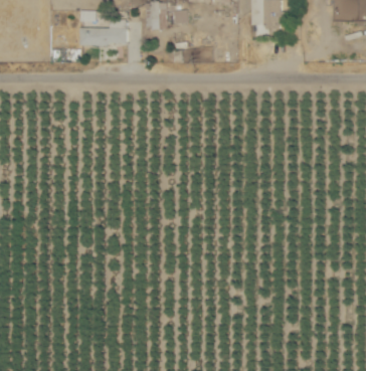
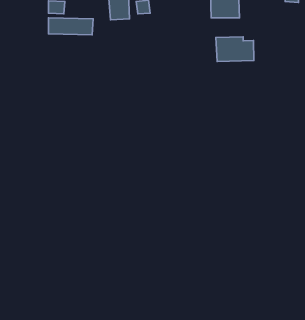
building: none -> [216,37,254,62]

